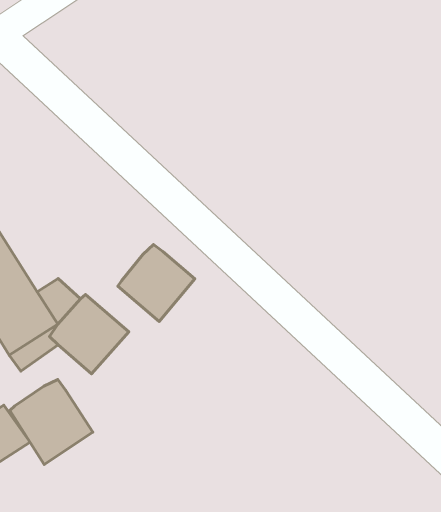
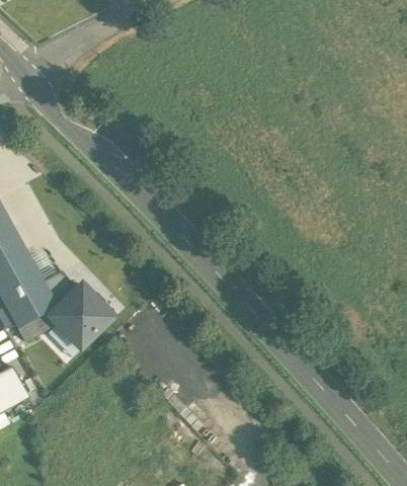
building: [118,245,195,322] -> none
building: [10,380,93,464] -> none

